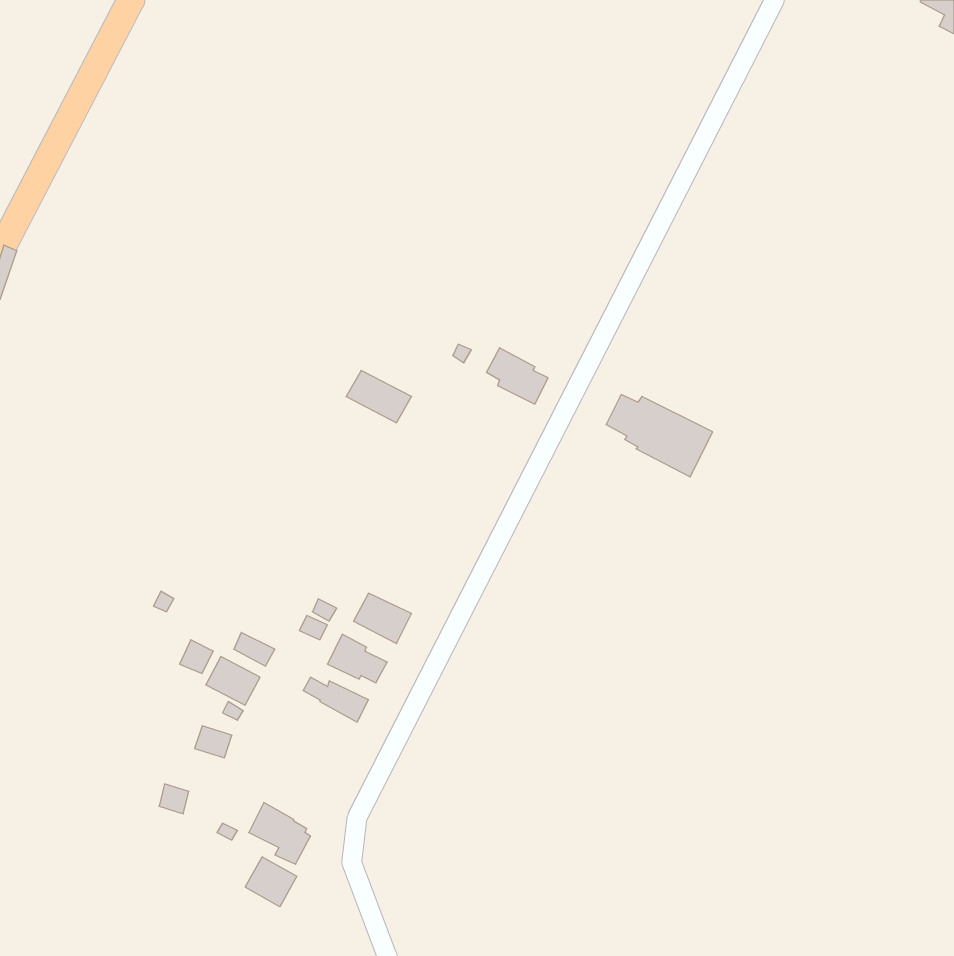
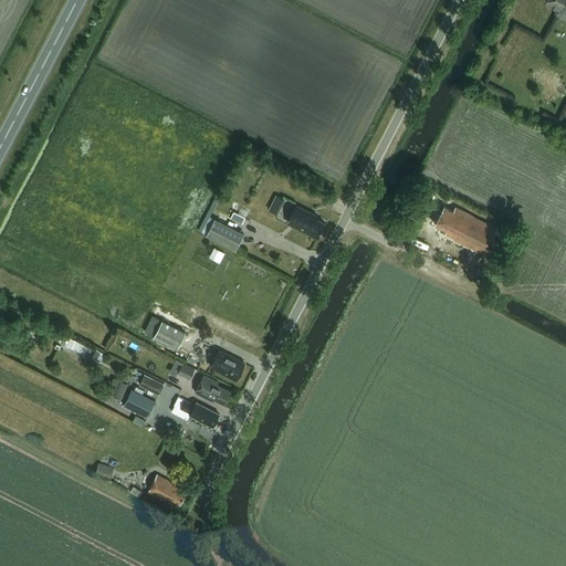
building: [606,395,713,477] -> [433,207,496,255]
building: none -> [153,321,185,348]
building: [245,857,297,907] -> none

